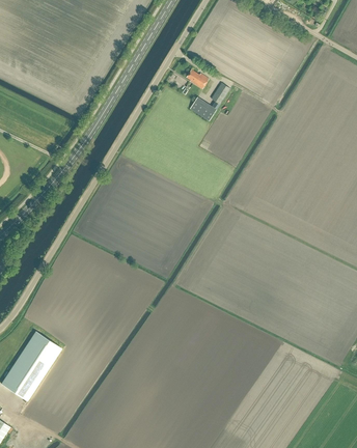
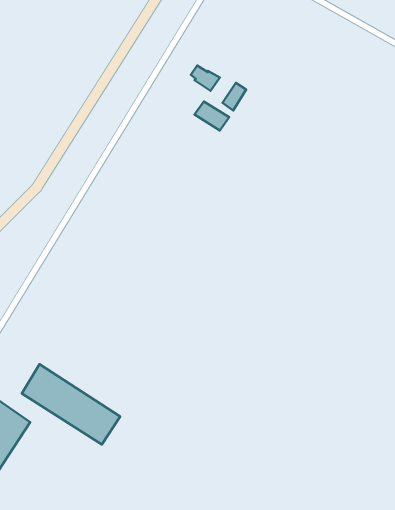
building: none -> [22,364,120,445]

